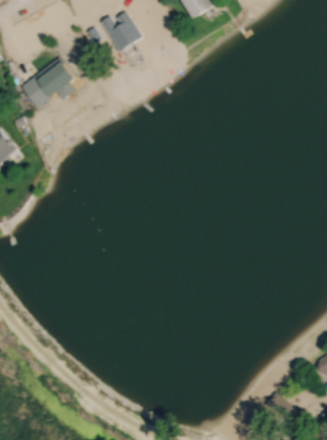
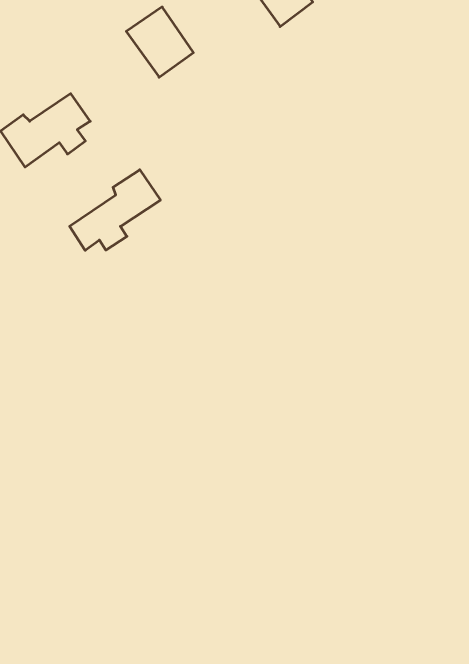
building: none -> [70,170,160,250]

